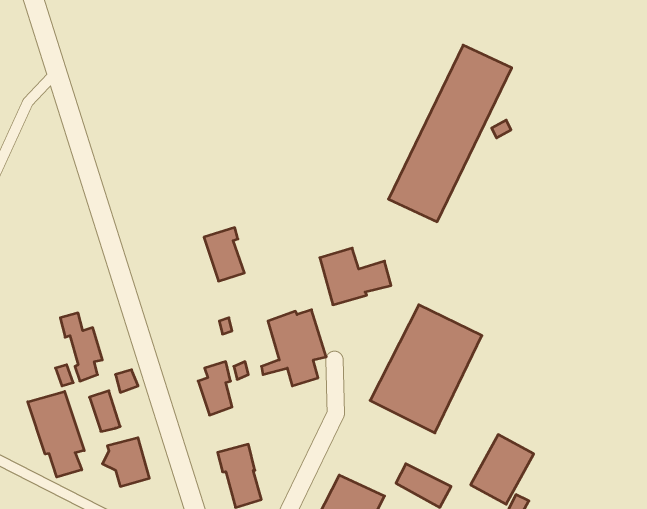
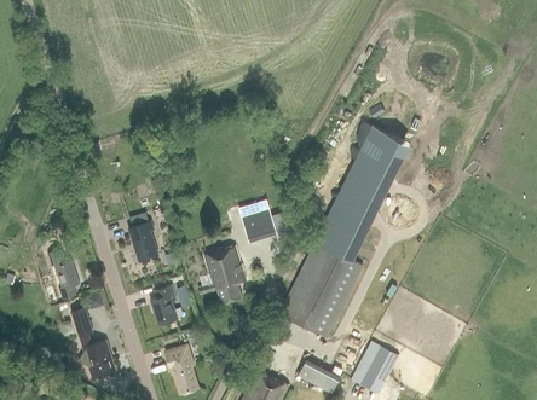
building: [388,45,512,222] -> [316,126,408,257]
building: [204,228,244,281] -> [127,221,157,261]
building: [28,391,84,477] -> none

